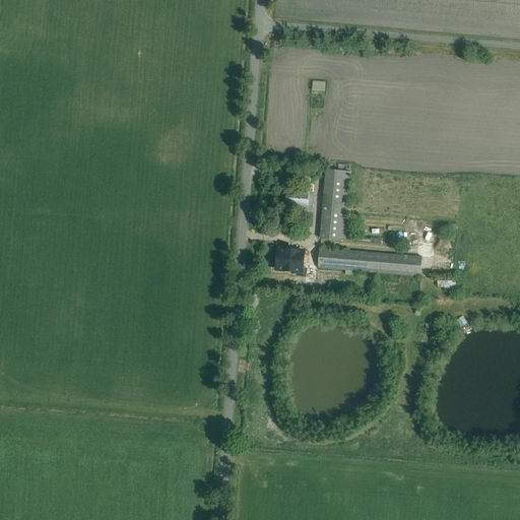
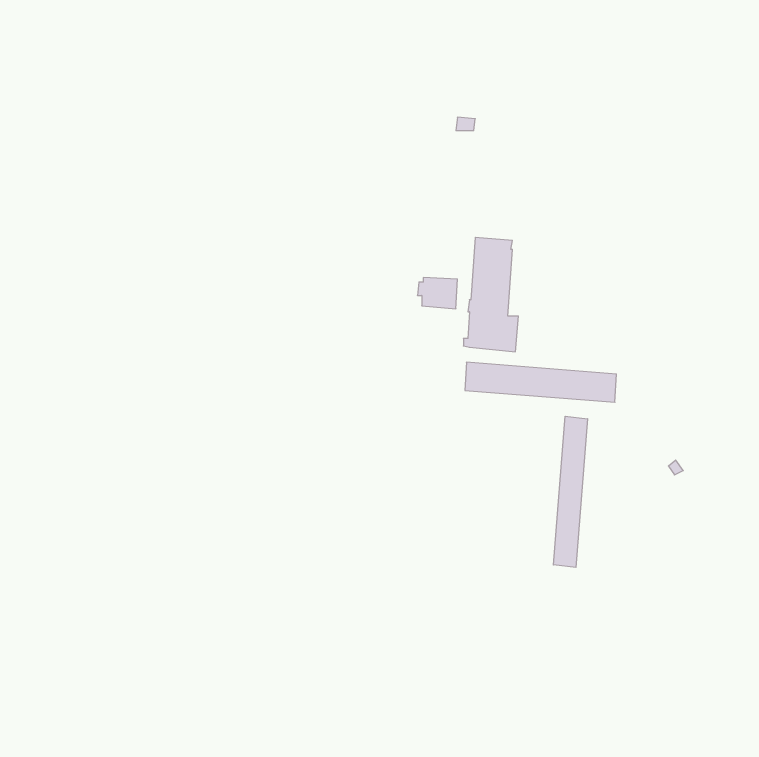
building: [273,248,299,269] -> none
building: none -> [553,416,588,567]

